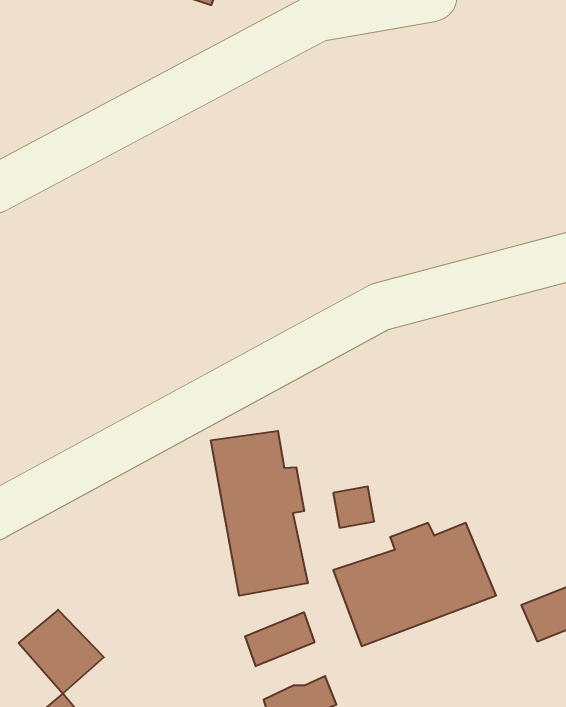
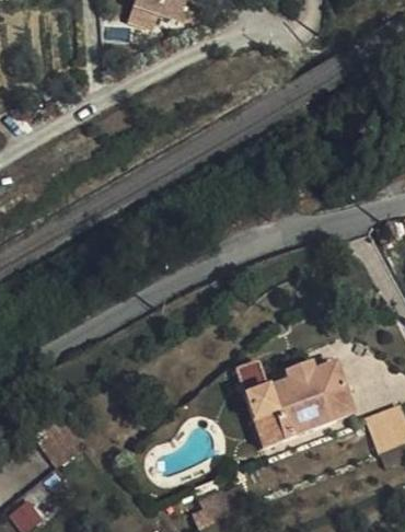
building: [211,431,308,596] -> none
building: [245,612,314,666] -> none

